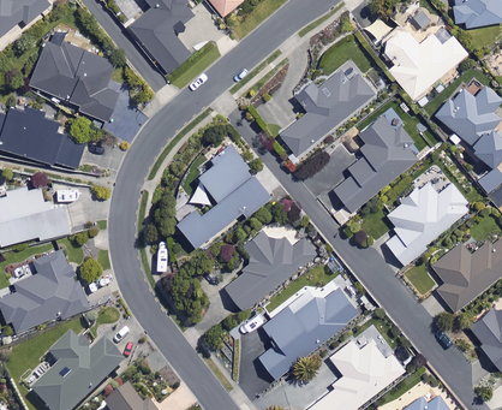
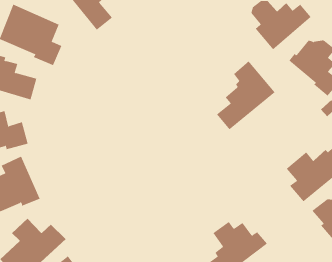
building: [280,70,375,156] -> none
building: [174,144,270,246] -> none
building: [384,177,468,266] -> none
building: [225,226,317,310] -> none
building: [258,284,359,379] -> none

